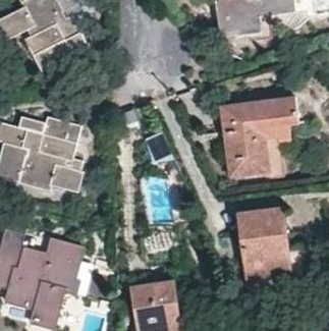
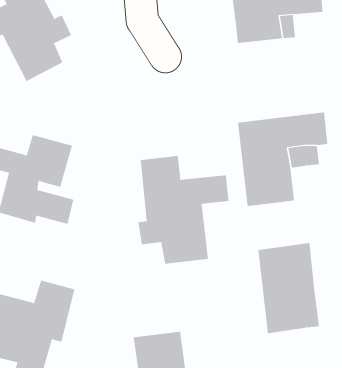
building: none -> [138,155,229,264]

